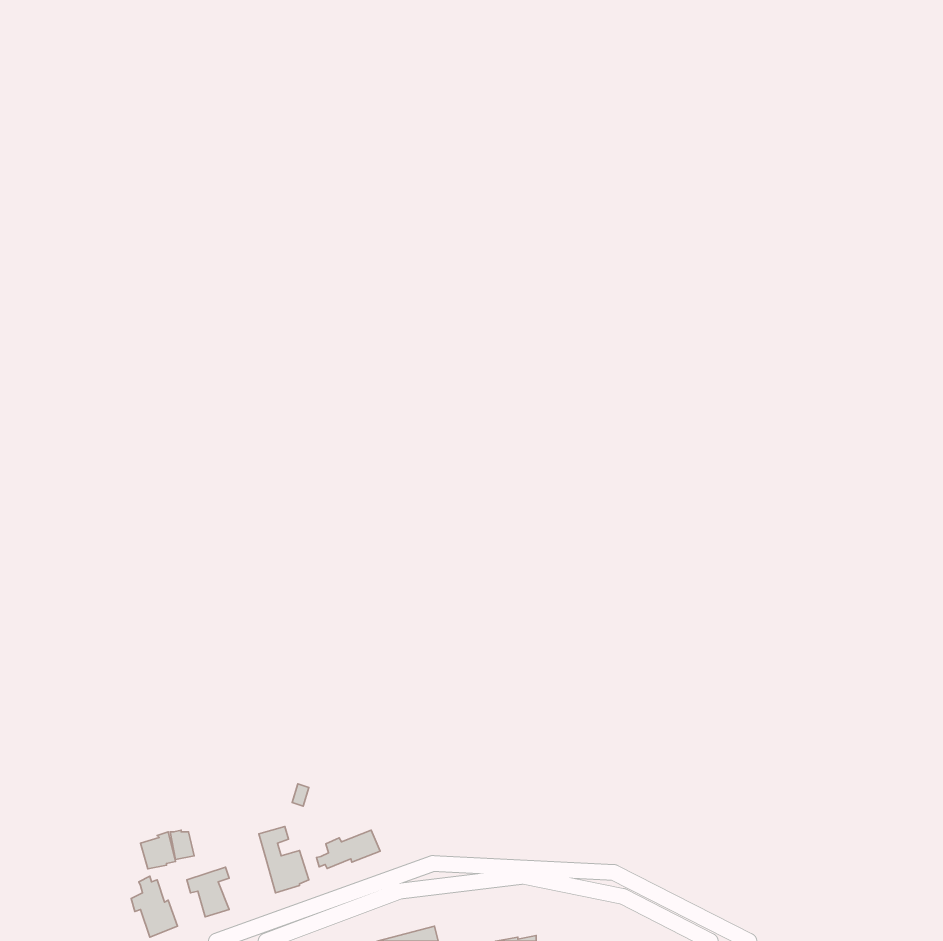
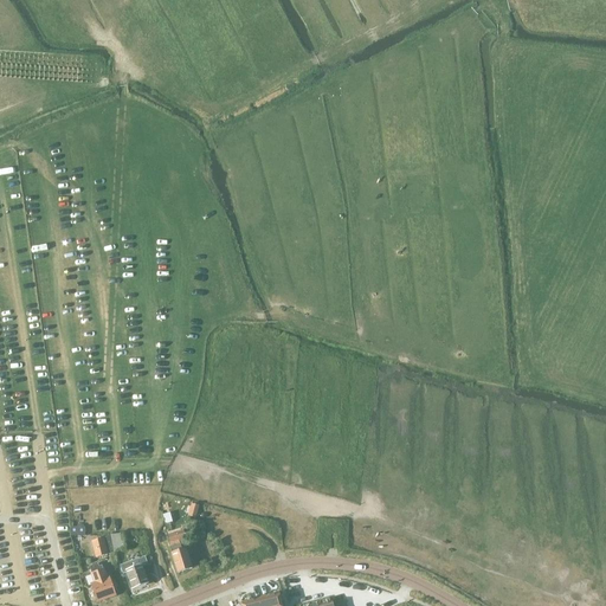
building: [316,830,380,868] -> none

